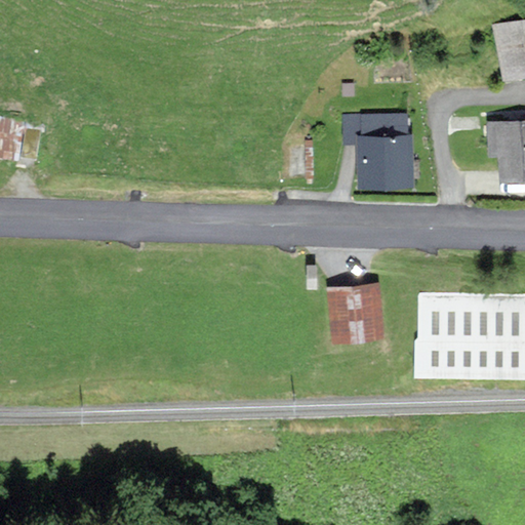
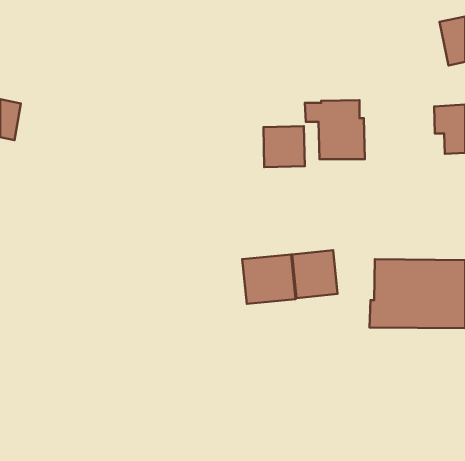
building: none -> [263,126,305,167]
building: none -> [242,255,296,304]

